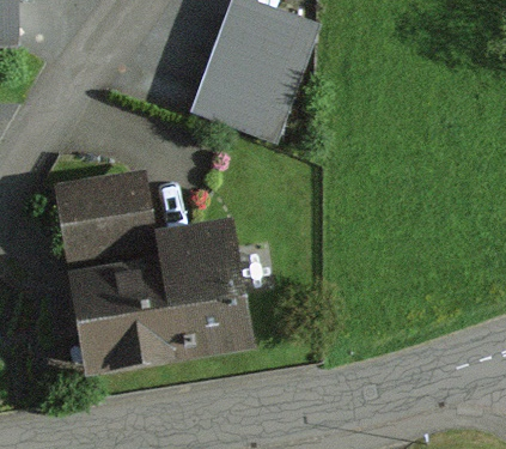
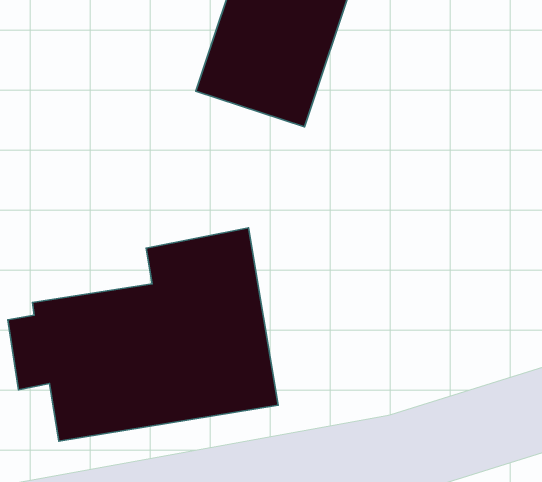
building: [51,171,158,275] -> none

